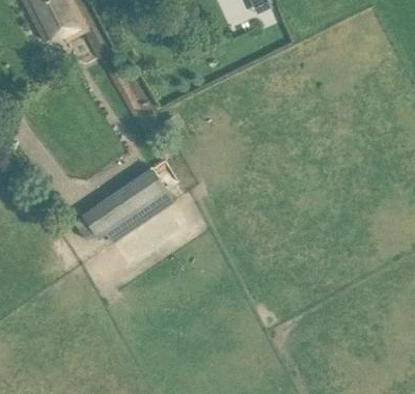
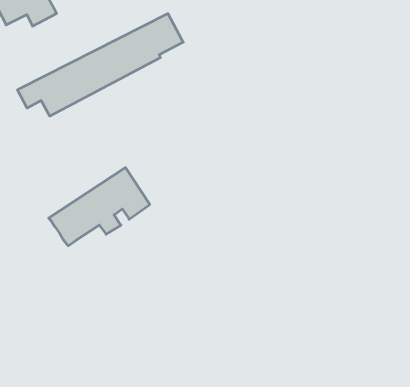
building: none -> [18,14,183,116]

